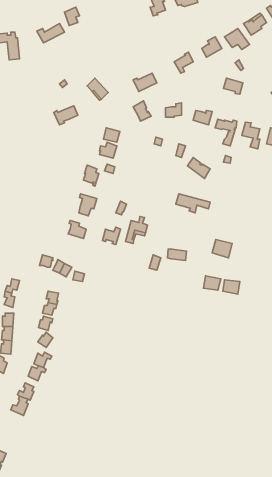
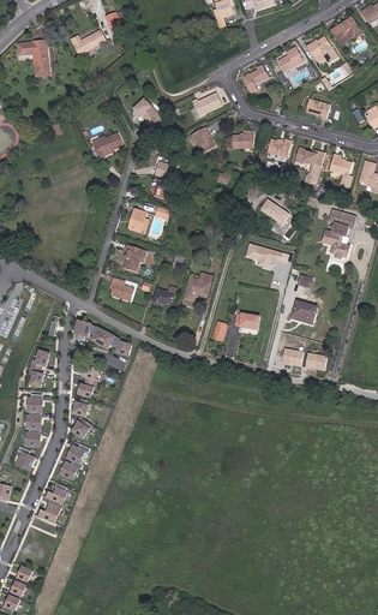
building: none -> [322,210,356,258]

